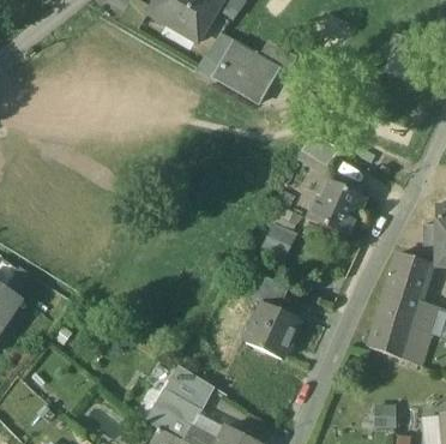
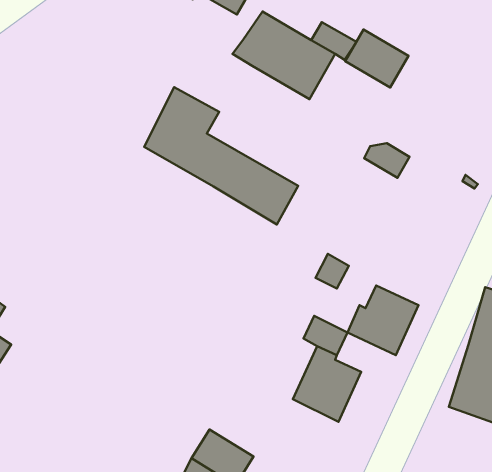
building: none -> [345,29,409,87]
building: none -> [144,87,298,224]
building: [307,181,363,236] -> [347,286,419,355]

